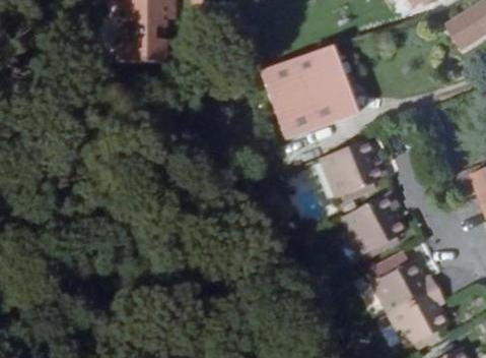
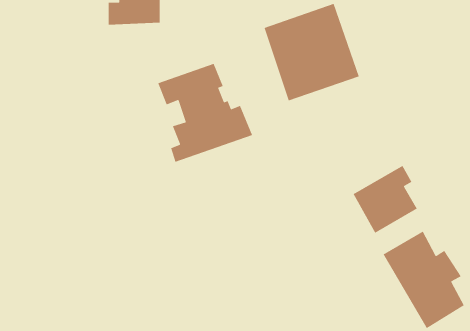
building: none -> [157,63,253,163]
building: [326,141,393,199] -> none

